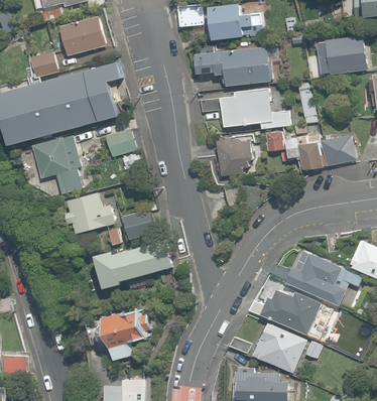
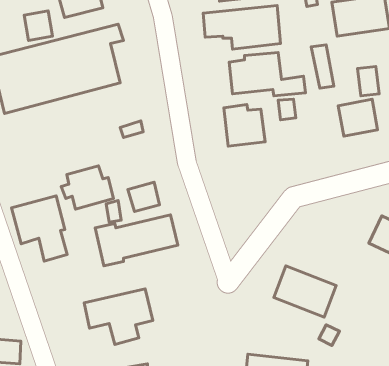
building: [107,129,137,156] -> none
building: [31,135,83,195] -> [11,196,67,261]
building: [299,142,320,169] -> [357,66,379,96]
building: [267,251,362,306] -> none
building: [254,323,305,372] -> none

